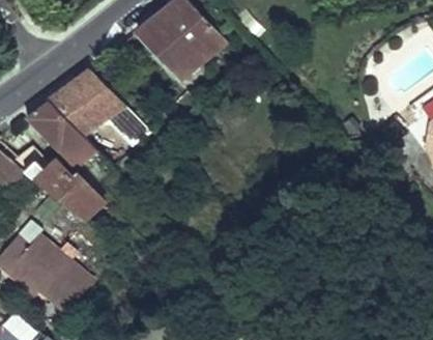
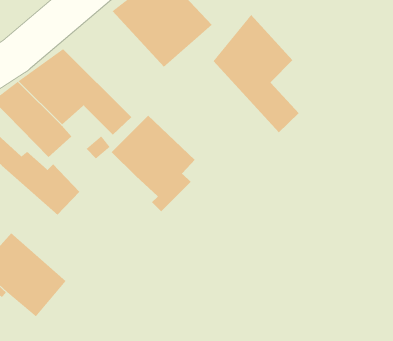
building: none -> [213,14,299,133]
building: none -> [111,115,196,212]

